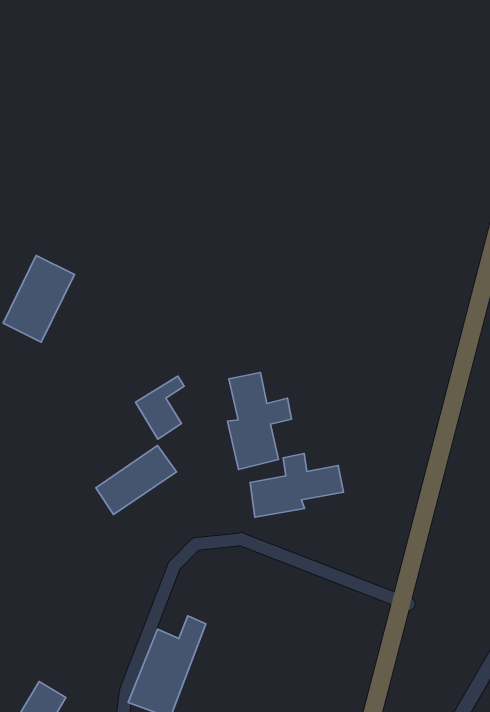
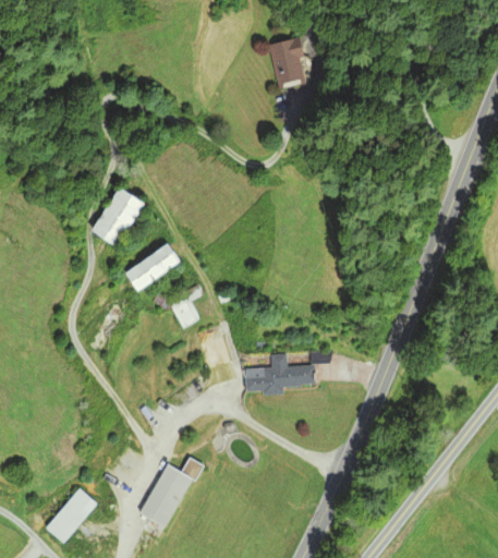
building: none -> [271,37,304,82]
building: [227,372,291,469] -> none
building: [96,445,177,515] -> [124,244,183,289]

